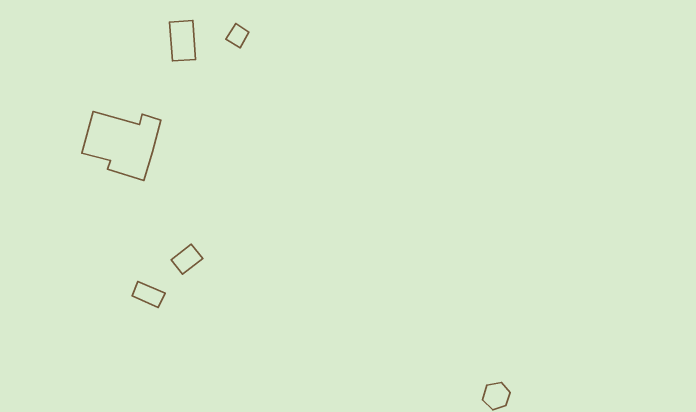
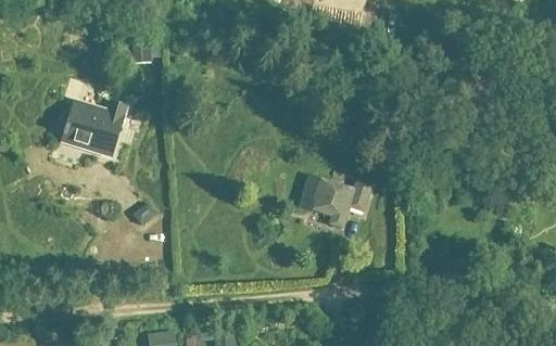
building: none -> [308,178,368,226]

